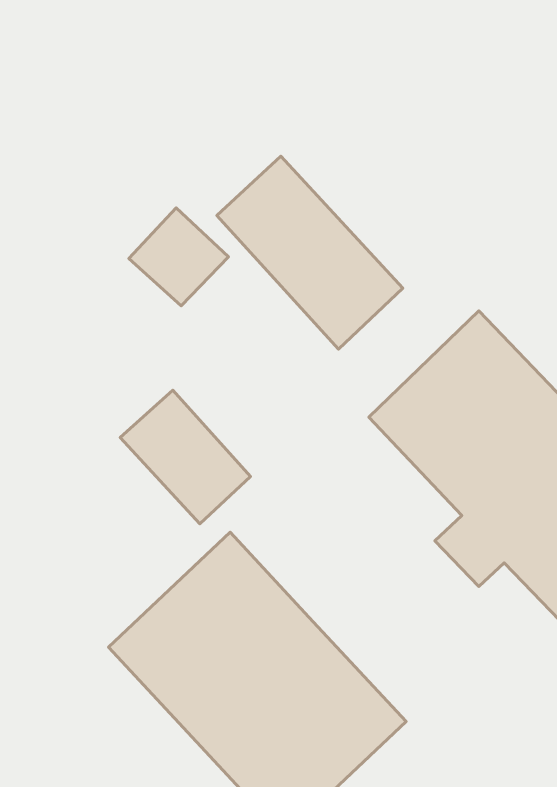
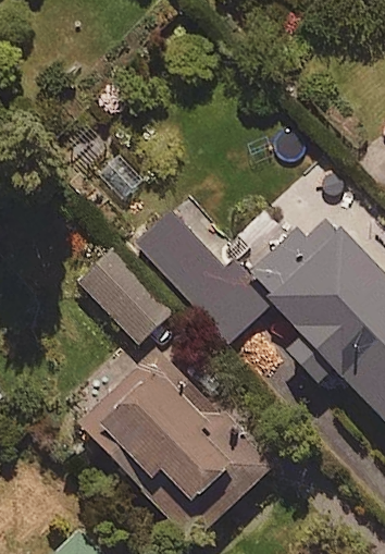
building: [217,156,403,349] -> [148,218,268,342]

